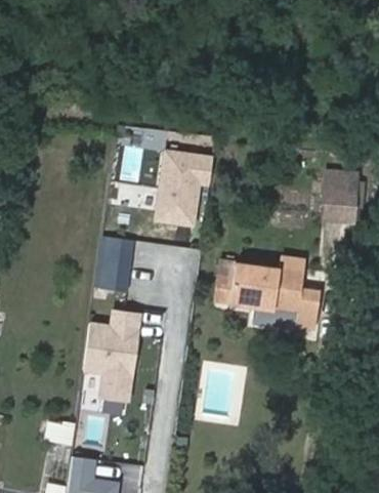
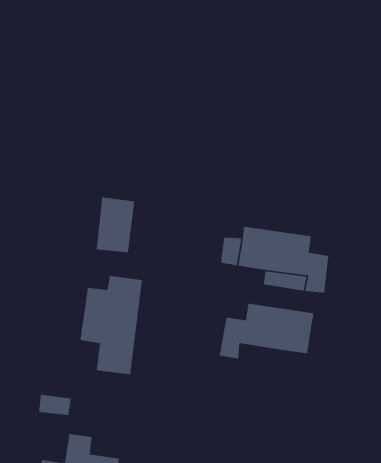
building: [155,150,211,227] -> none
building: [322,172,354,220] -> none
building: none -> [219,303,315,360]

